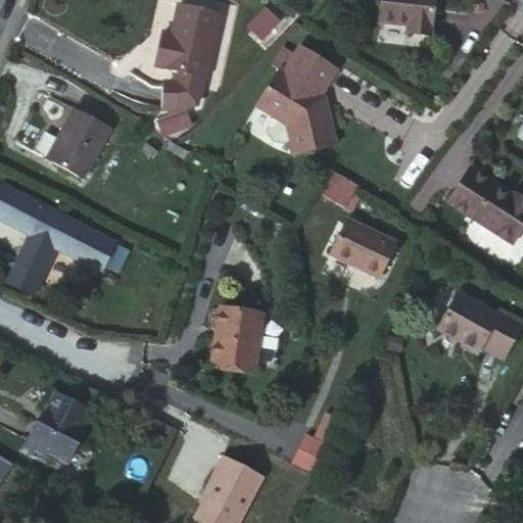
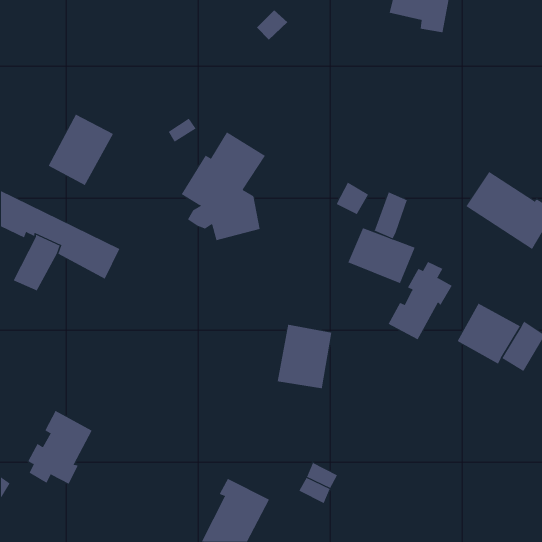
building: [156,4,220,109] -> none
building: [258,46,340,151] -> [181,131,266,241]
building: none -> [373,191,407,239]
building: none -> [388,261,452,340]
building: [208,308,262,371] -> [277,324,332,389]

